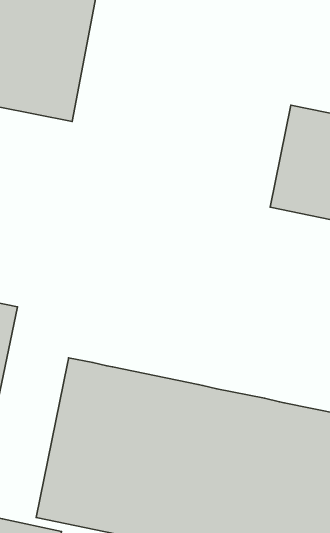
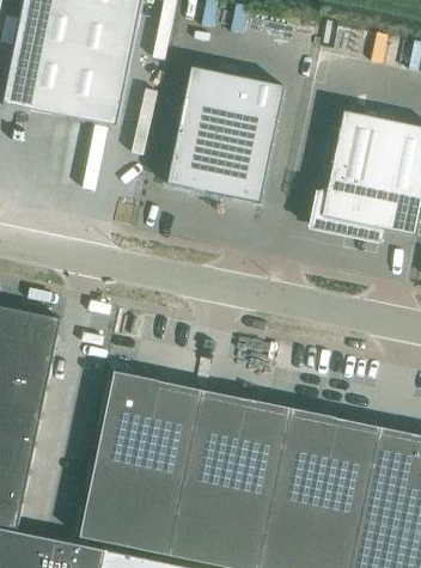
building: none -> [166,68,285,204]

